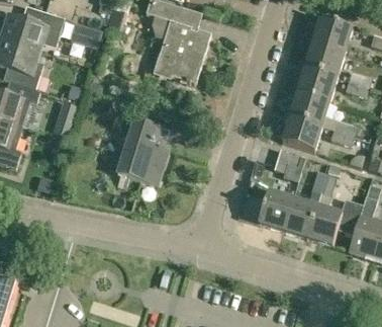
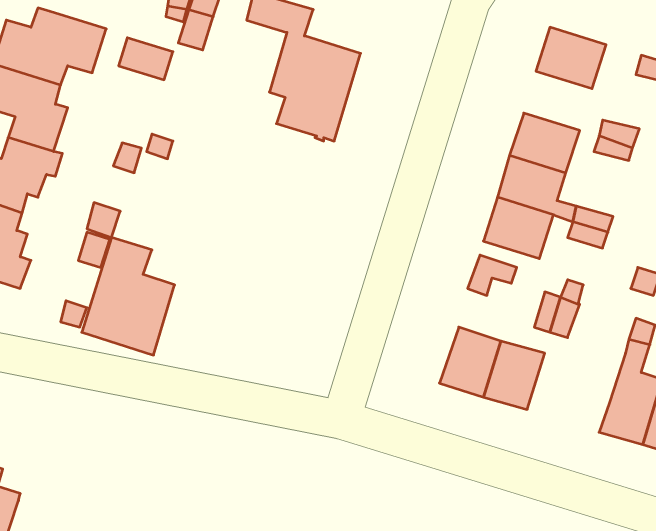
building: [304,43,344,77] -> none
building: [115,118,169,186] -> [82,238,175,355]
building: [306,199,363,246] -> none

